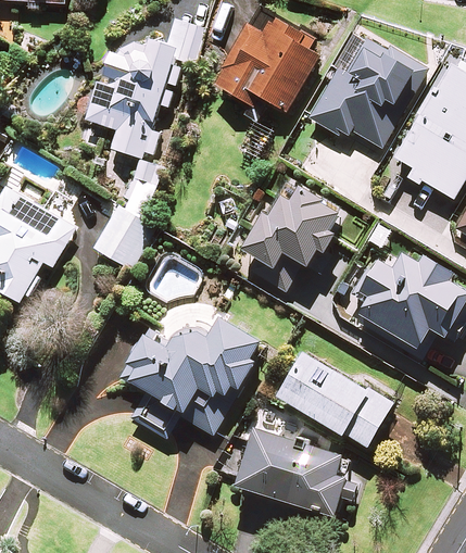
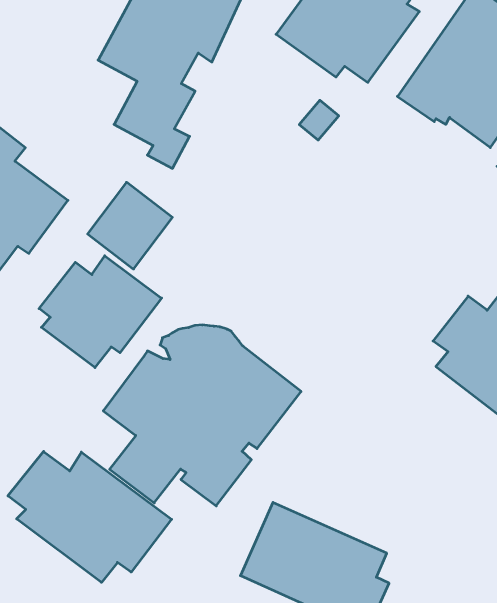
building: [242,181,339,292] -> none
building: none -> [39,256,162,368]
building: [277,352,391,448] -> none
building: none -> [8,451,172,582]

